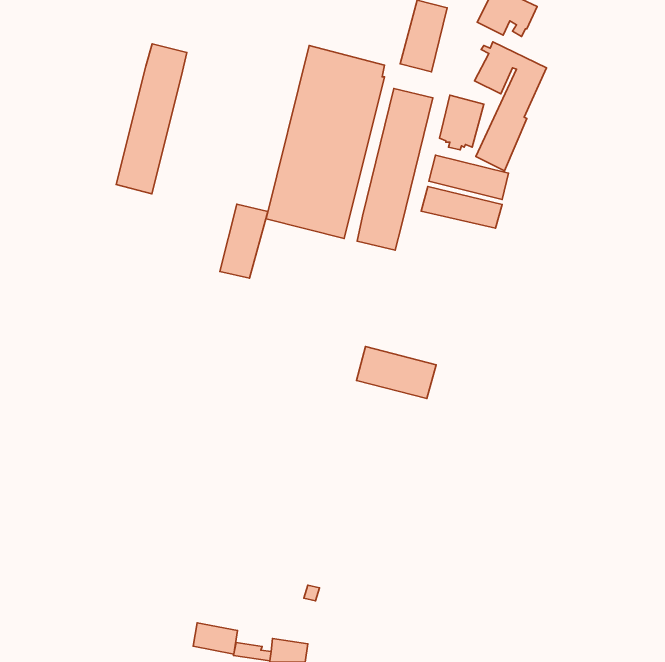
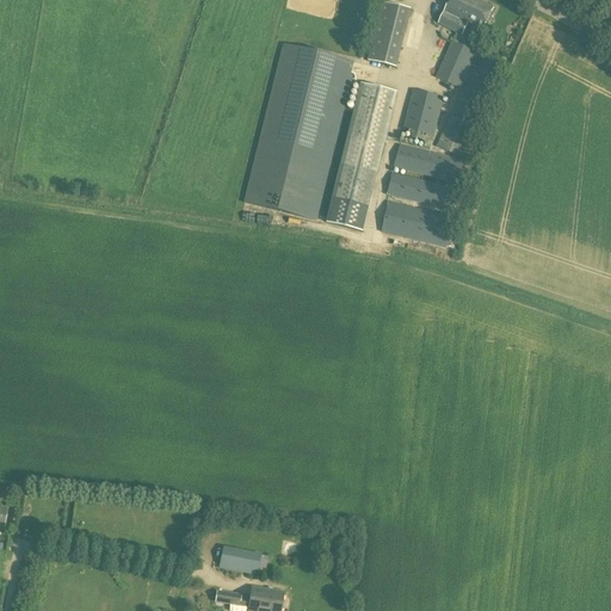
building: [116,44,187,194] -> none
building: [220,204,268,278] -> none
building: [357,347,436,399] -> [379,198,452,246]
building: [193,623,238,654] -> [218,544,259,573]

